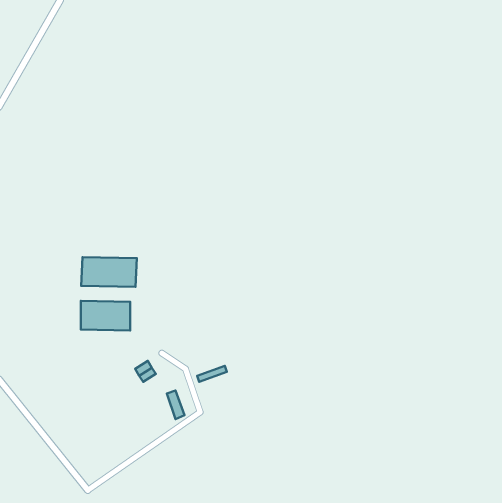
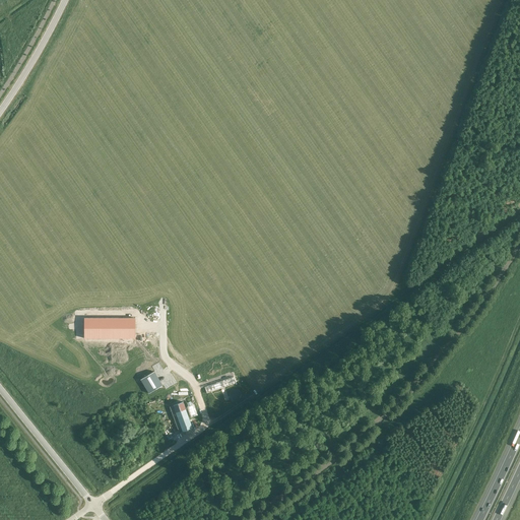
building: [81,257,137,287] -> none

